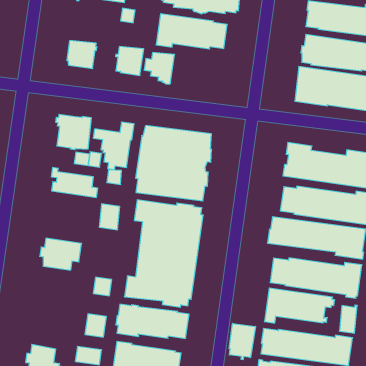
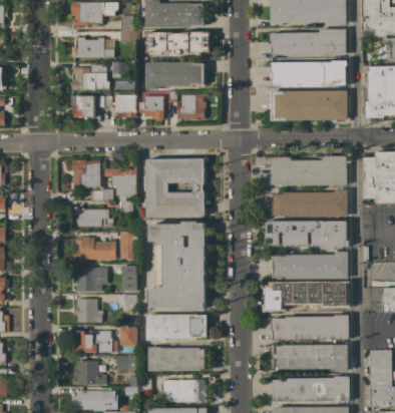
building: none -> [71,68,108,90]
building: none -> [178,94,206,119]
building: none -> [72,237,115,261]
building: none -> [120,266,136,291]
building: none -> [72,299,102,323]
building: none -> [73,330,117,352]
building: [229,323,256,360] -> none

